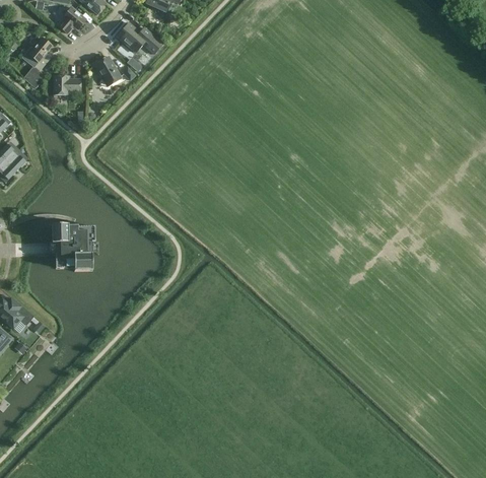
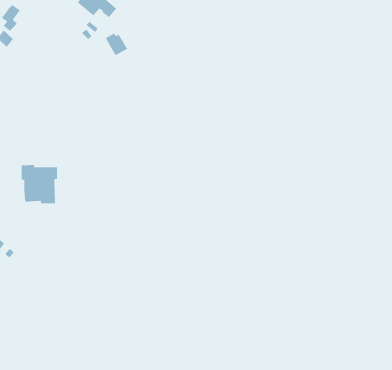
building: [93,58,121,85] -> [105,33,128,56]
building: [52,75,79,93] -> none

